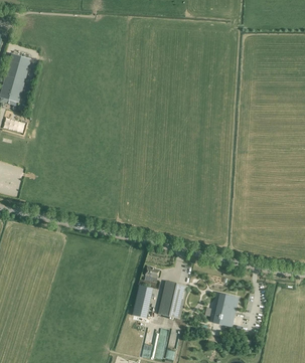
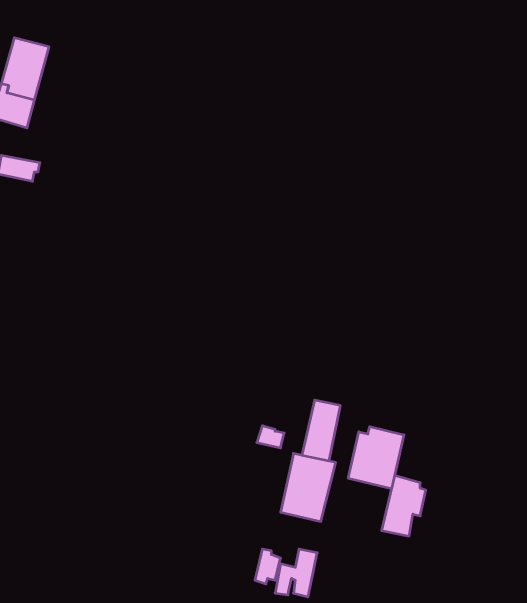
building: none -> [348,427,404,489]
building: [131,285,152,318] -> [302,400,340,461]

